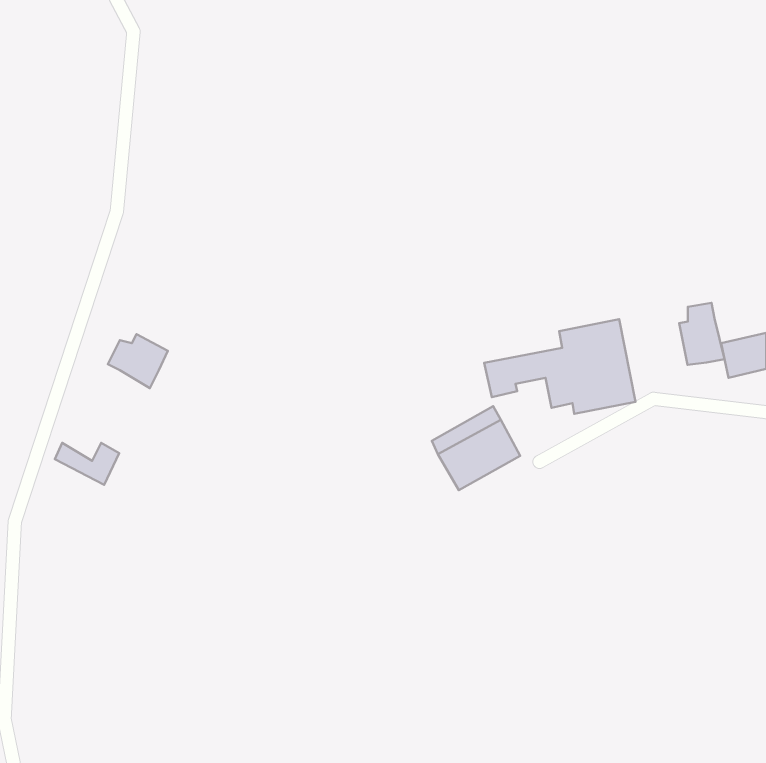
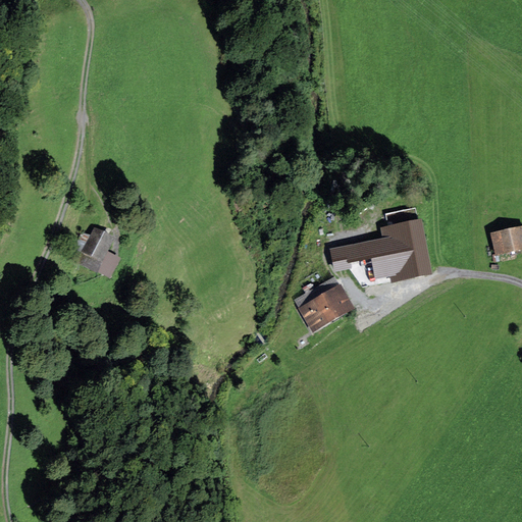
building: [679,303,724,365] -> none
building: [55,443,119,485] -> [76,252,120,280]

